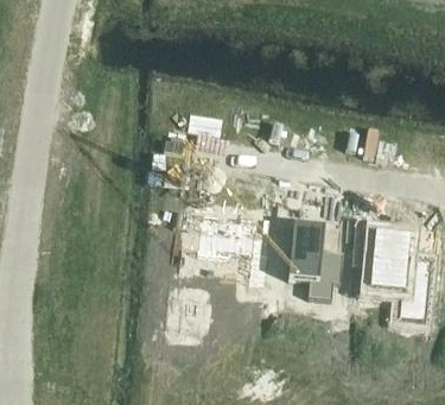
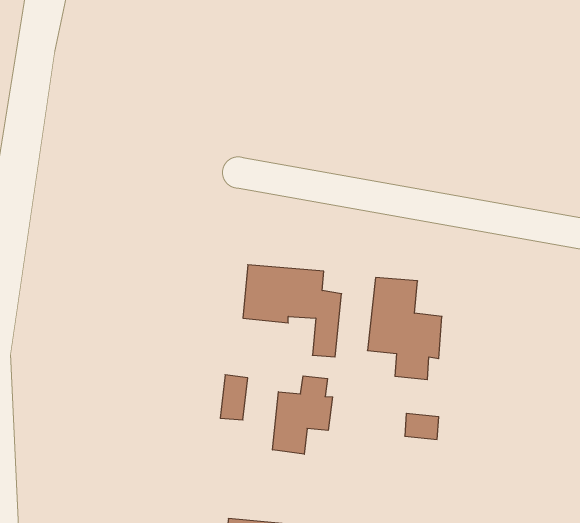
building: [360,227,427,316] -> none
building: none -> [273,376,333,454]

